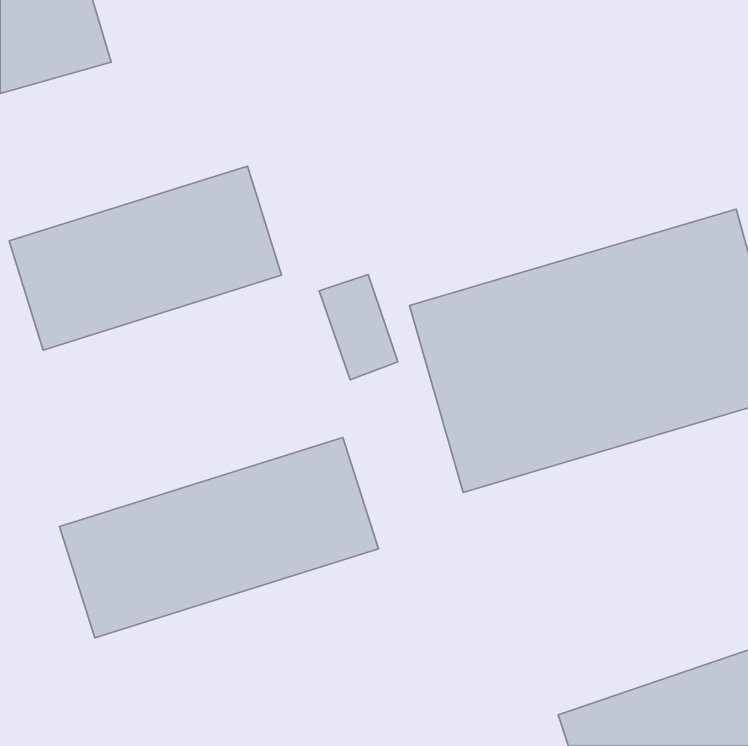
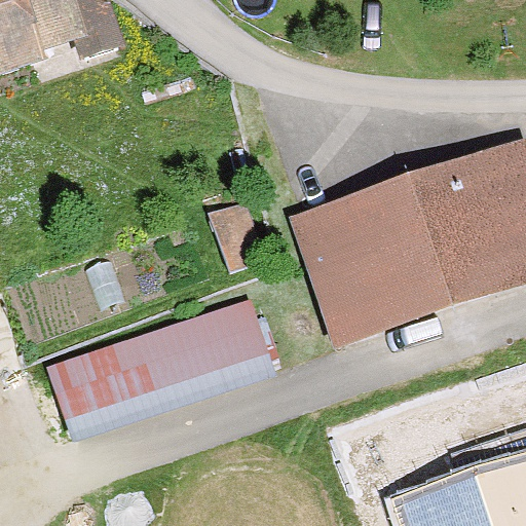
building: [9,166,281,350] -> none

